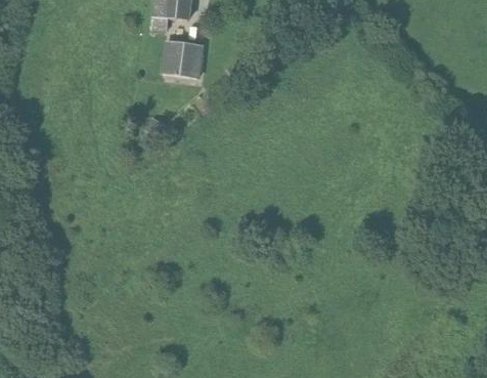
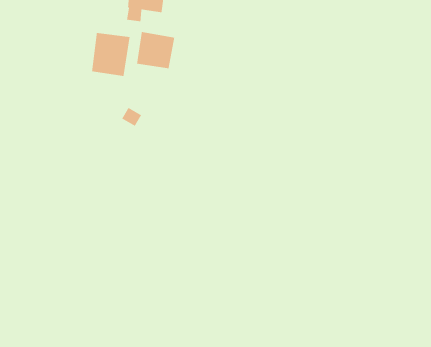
building: none -> [91,32,130,77]

